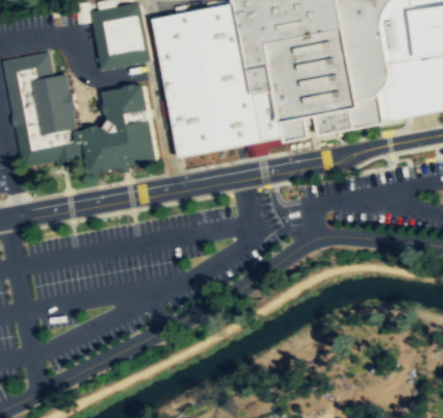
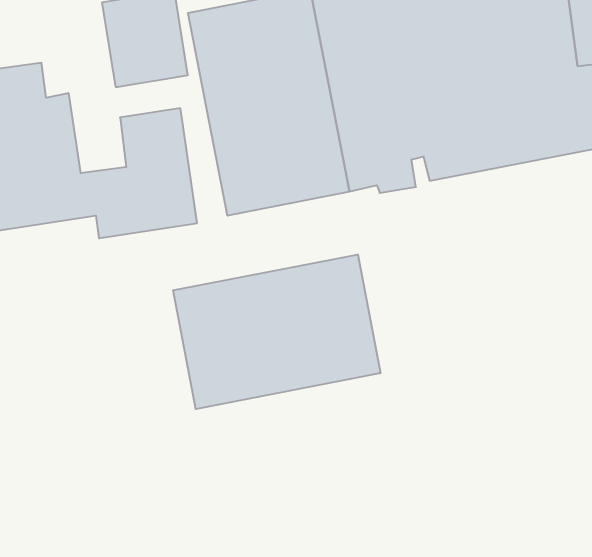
building: none -> [173,254,380,409]

